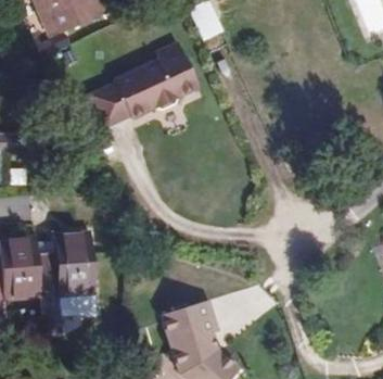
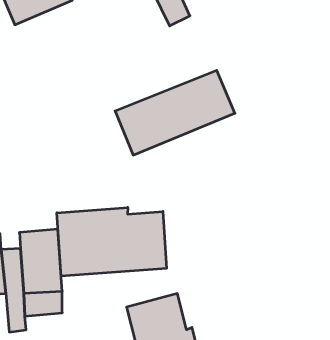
building: [81,47,196,128] -> [115,70,235,155]
building: none -> [57,207,166,276]

